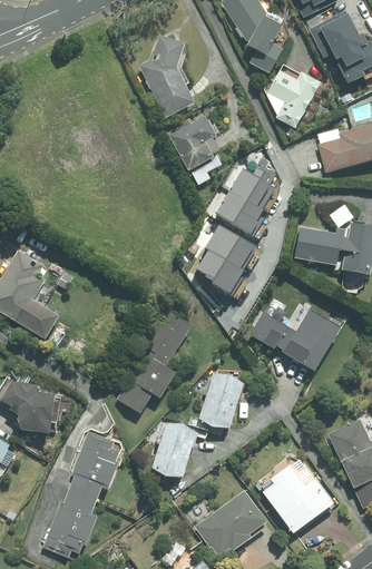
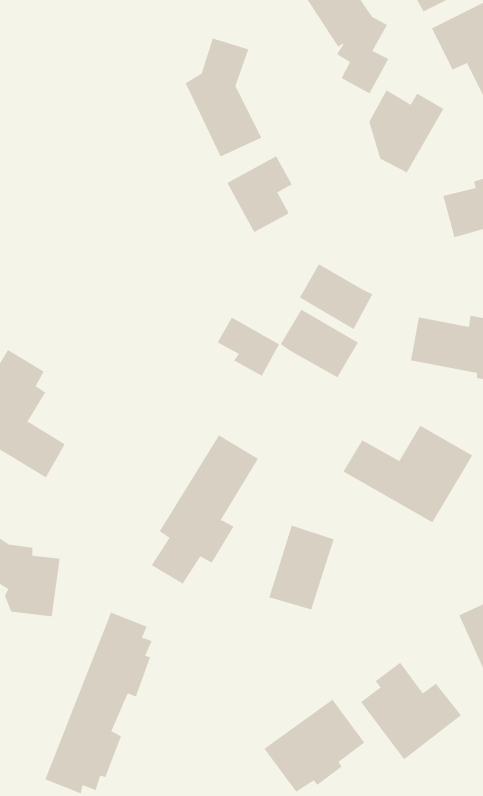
building: [233,165,278,208] -> none
building: [203,251,246,292] -> [217,317,280,376]
building: [153,422,196,477] -> none

